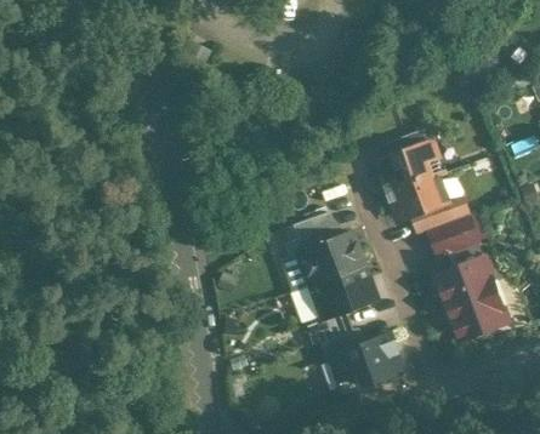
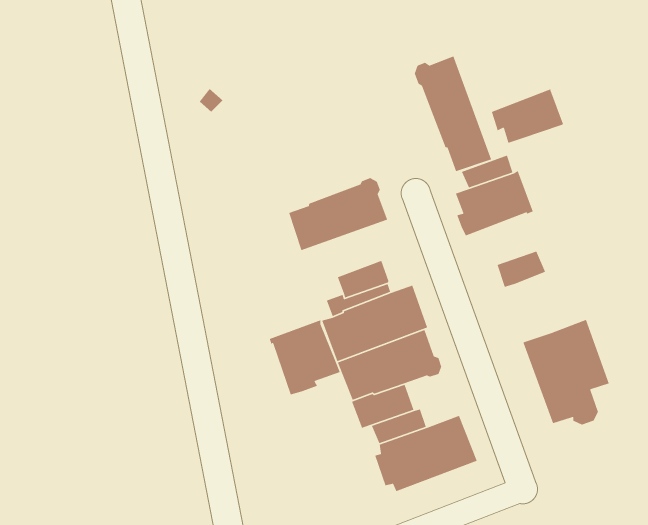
building: none -> [414,52,492,172]
building: none -> [288,177,391,251]
building: [394,176,451,219] -> [491,88,564,144]
building: [433,216,484,276] -> none
building: none -> [269,319,341,396]

